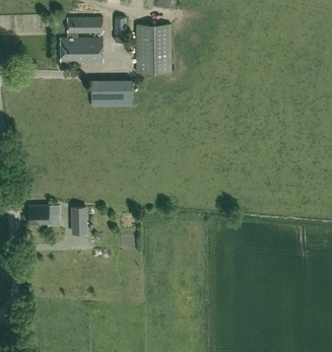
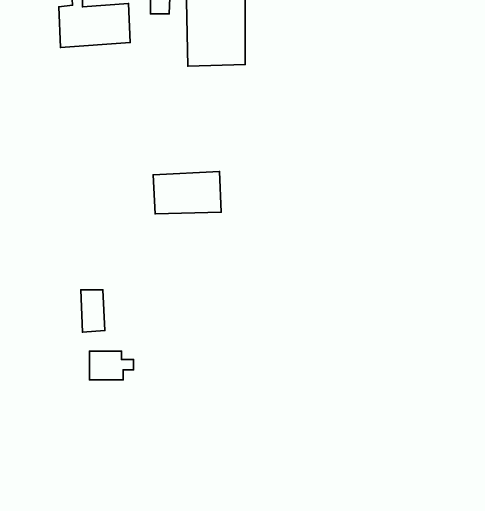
building: [93,81,134,107] -> [153,171,221,214]
building: [29,206,56,223] -> [89,351,133,380]

